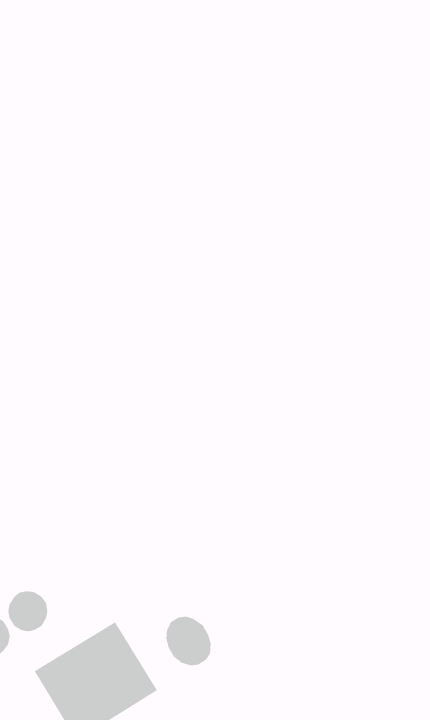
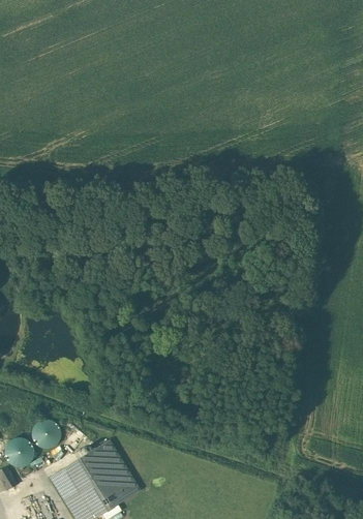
building: [166,616,211,666] -> none

